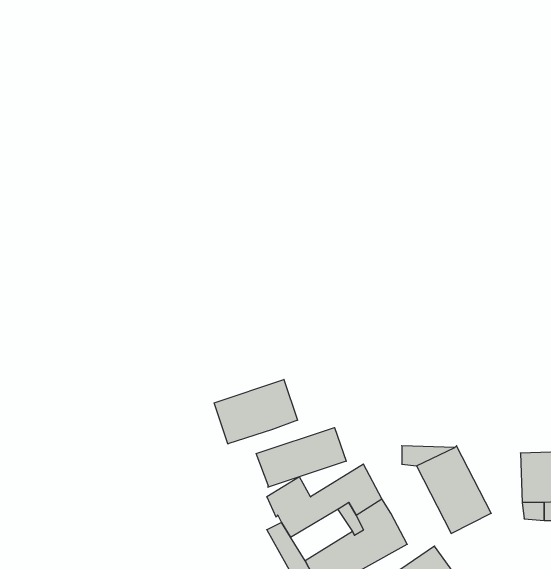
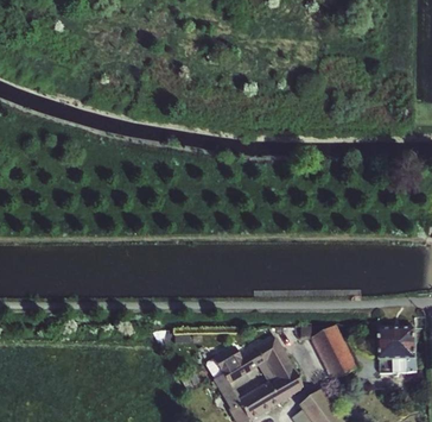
building: [214,379,298,444] -> none
building: [256,428,346,487] -> none

